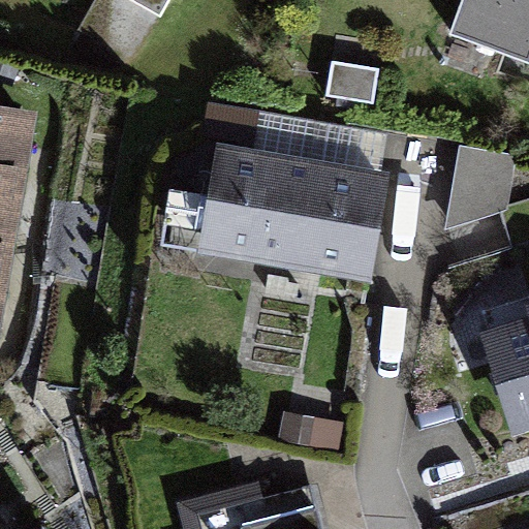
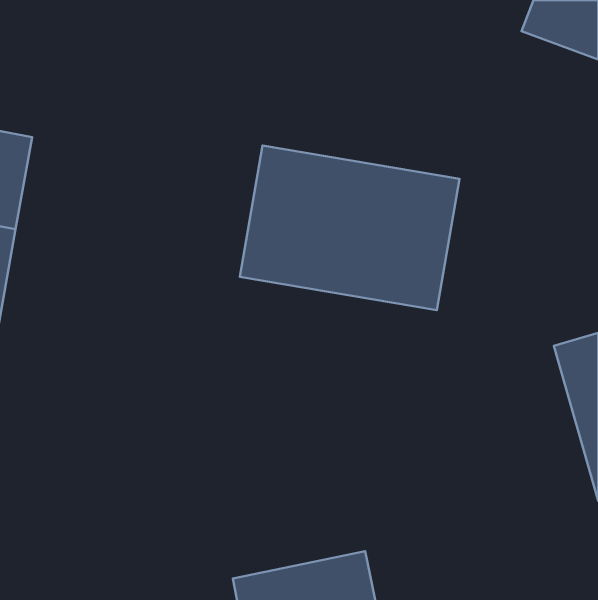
building: [442,147,506,222] -> none

